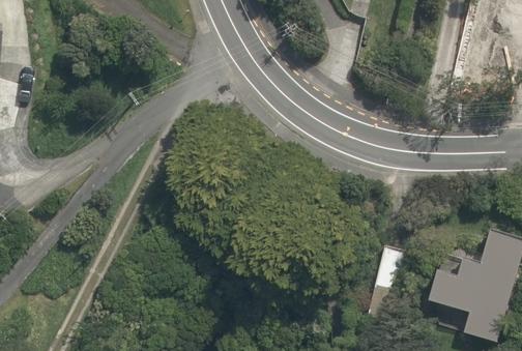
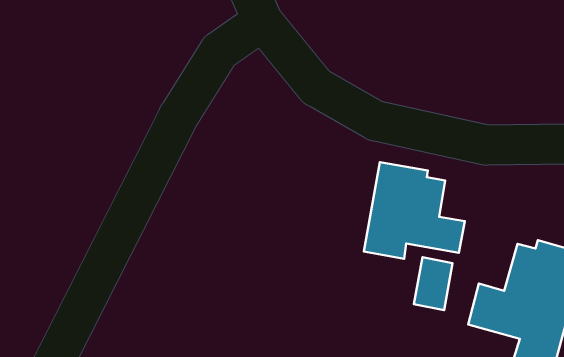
building: none -> [364,162,465,259]

